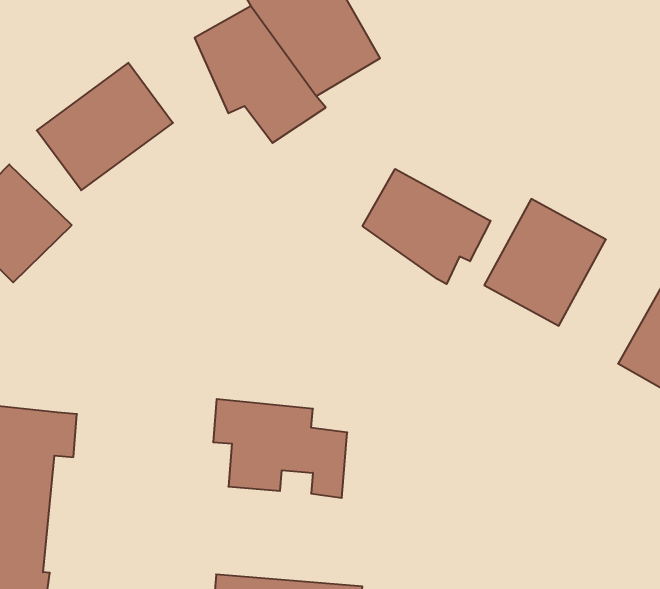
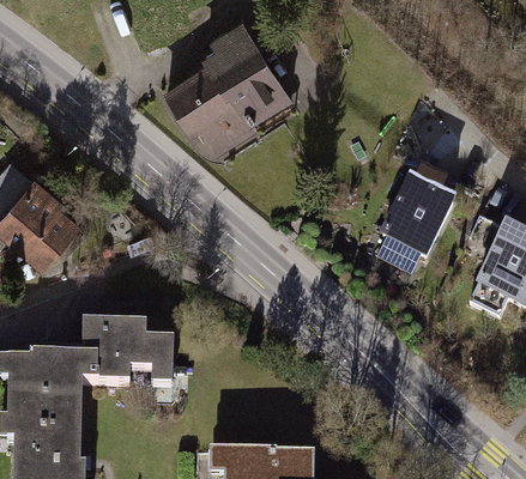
building: [37,63,173,190] -> none
building: [363,169,491,284] -> none
building: [213,399,347,498] -> [84,321,176,382]

